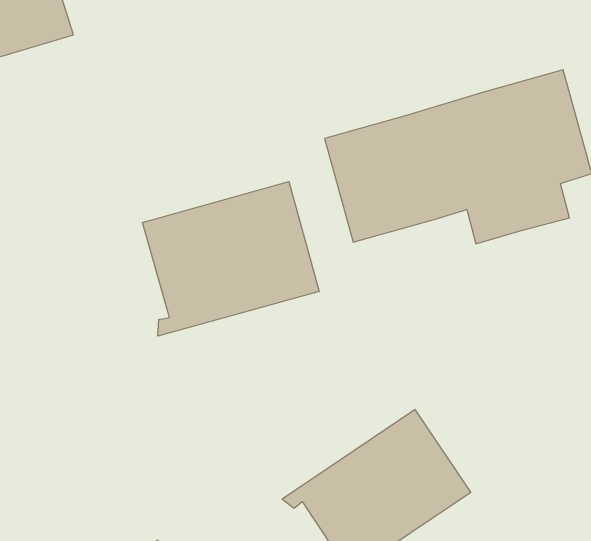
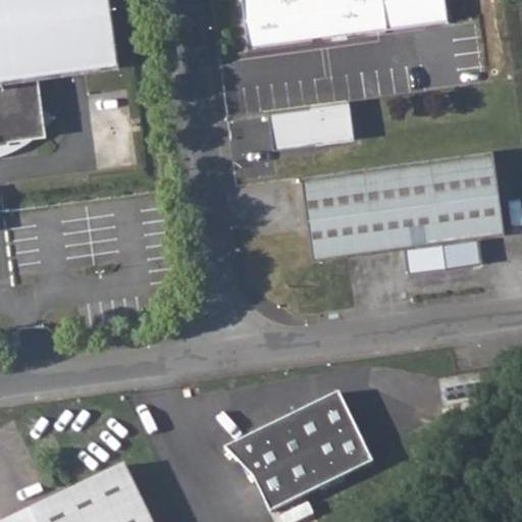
building: none -> [273,101,359,147]
building: [142,182,319,336] -> none

